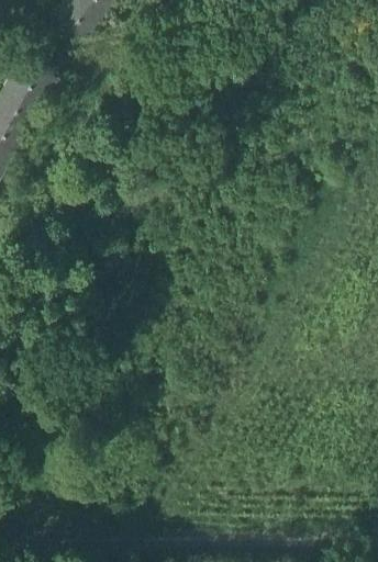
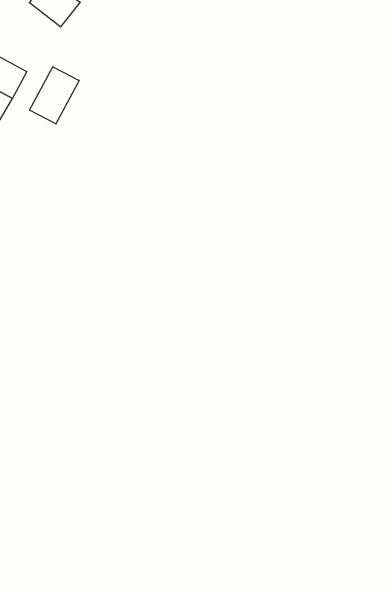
building: none -> [30,67,79,124]

